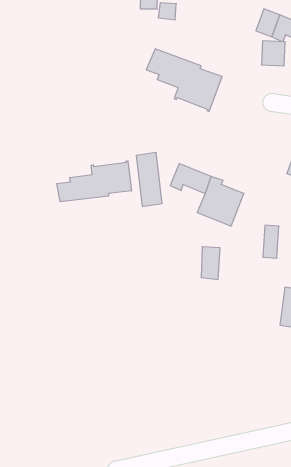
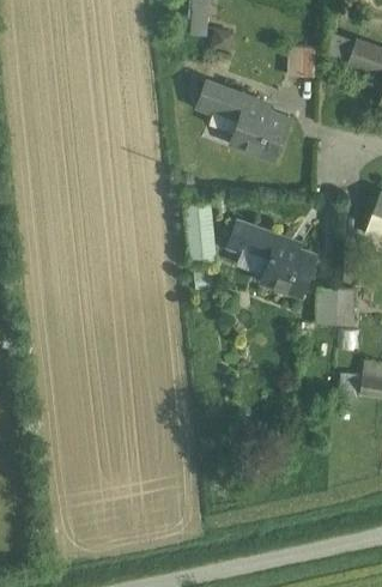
building: [261,41,285,66] -> [286,47,315,77]
building: [57,161,132,202] -> none
building: [201,247,220,280] -> [316,292,339,332]

